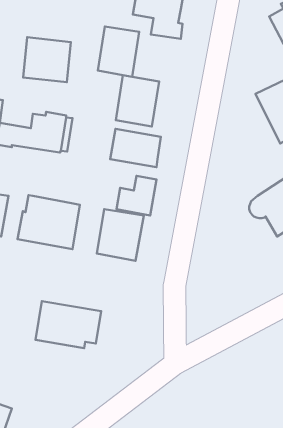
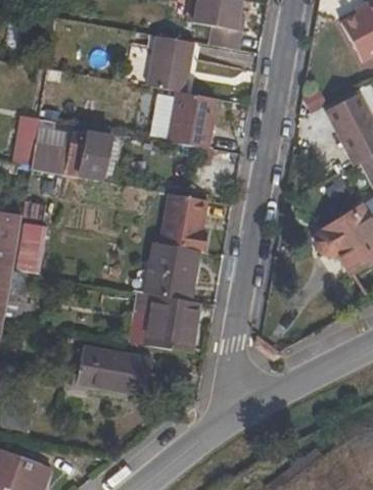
building: [23,37,71,82] -> none
building: [110,129,161,167] -> none
building: [18,195,80,249] -> [128,290,198,351]

